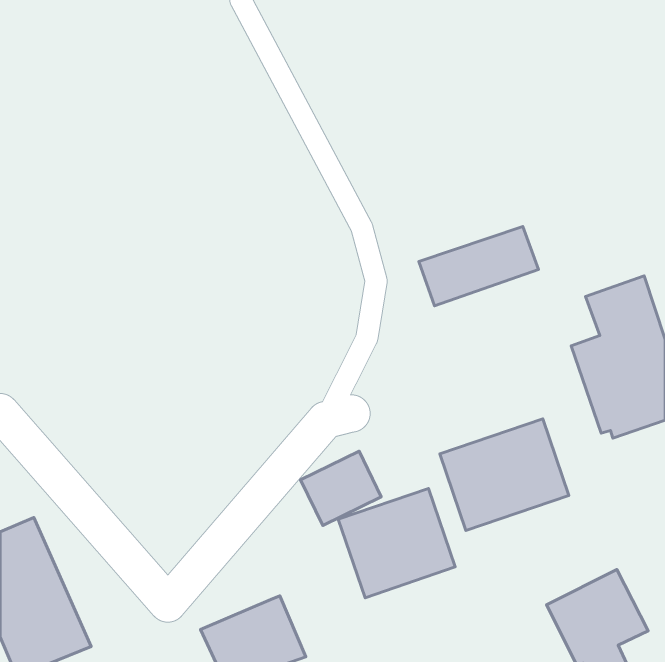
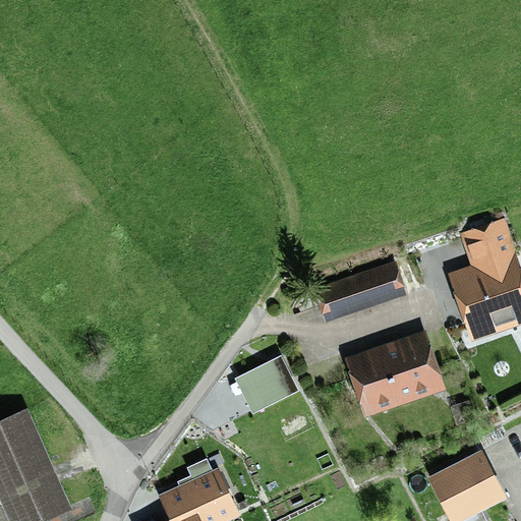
building: [419,226,539,306] -> [313,260,407,323]
building: [338,488,455,598] -> none

